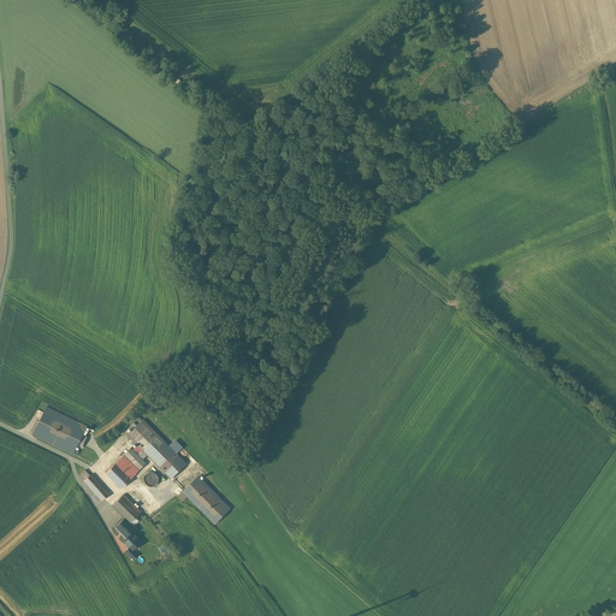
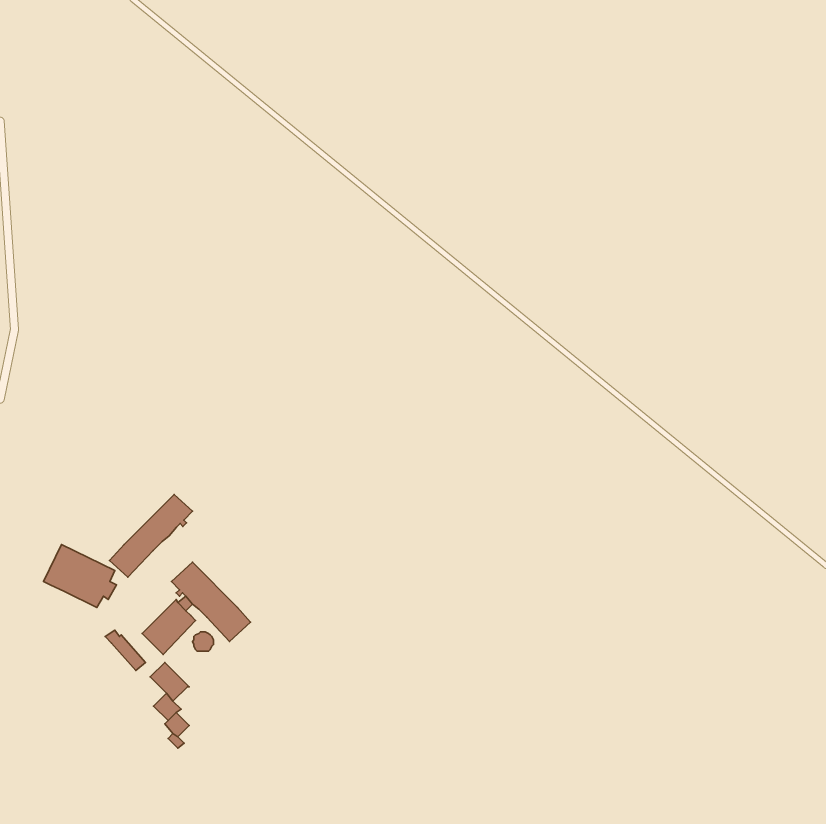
building: none -> [110,494,193,577]
building: [178,475,230,522] -> none

